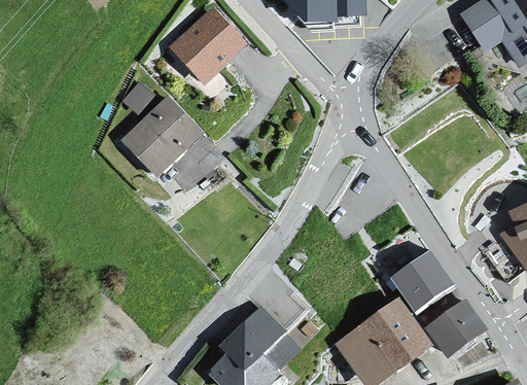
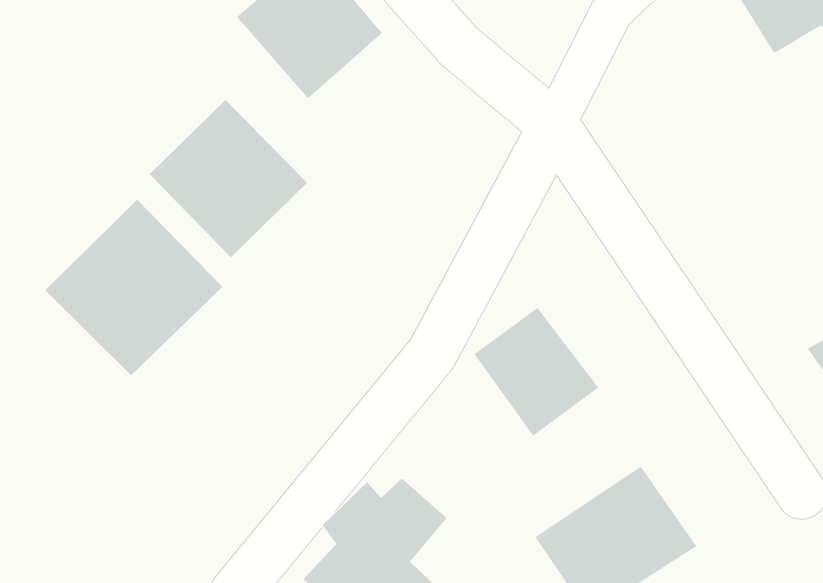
building: none -> [45,199,223,376]
building: [387,245,461,321] -> [473,307,599,436]
building: [429,305,491,363] -> none

